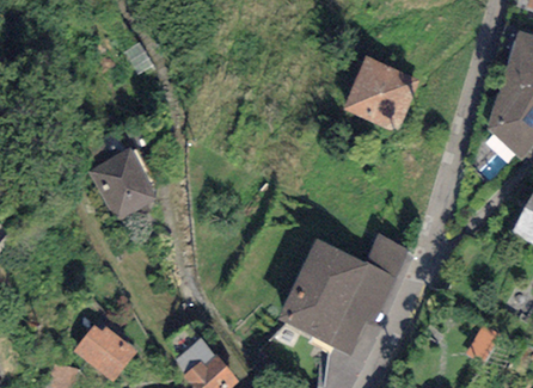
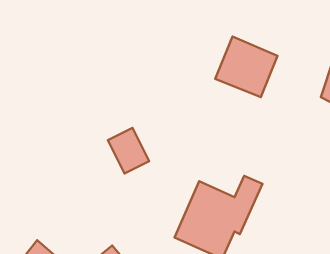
building: [94,156,151,218] -> [108,128,149,174]

